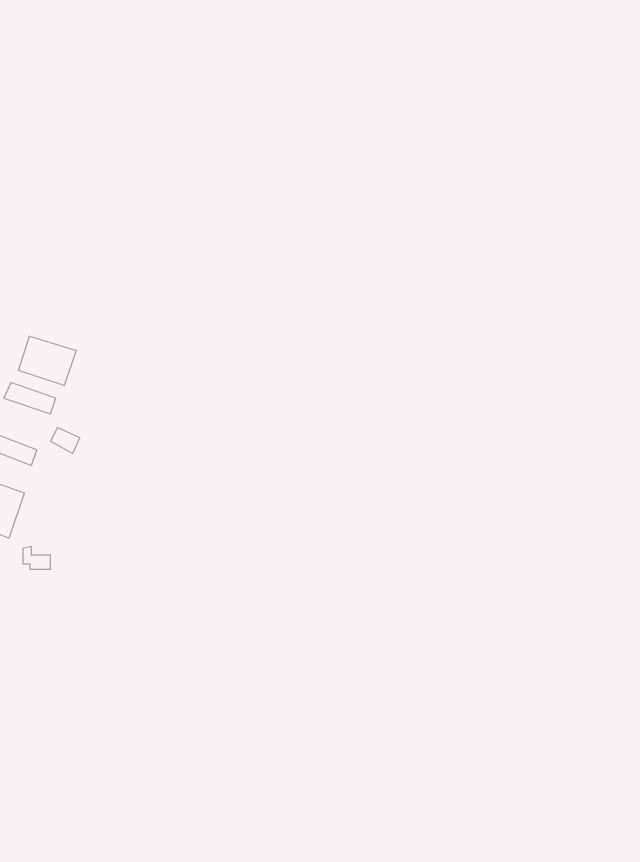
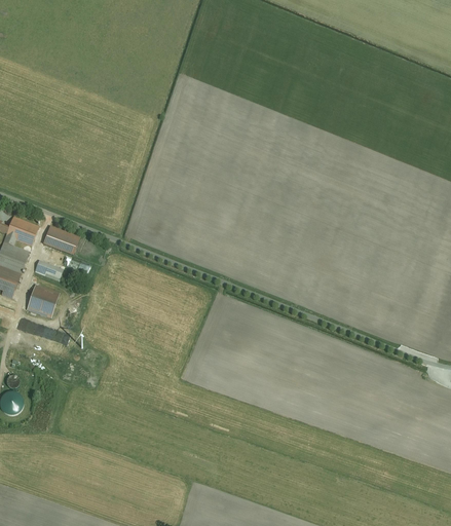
building: [19,336,76,386] -> none

